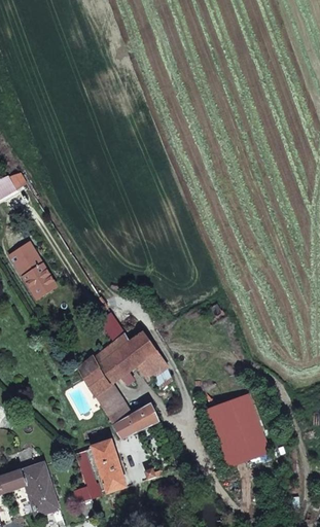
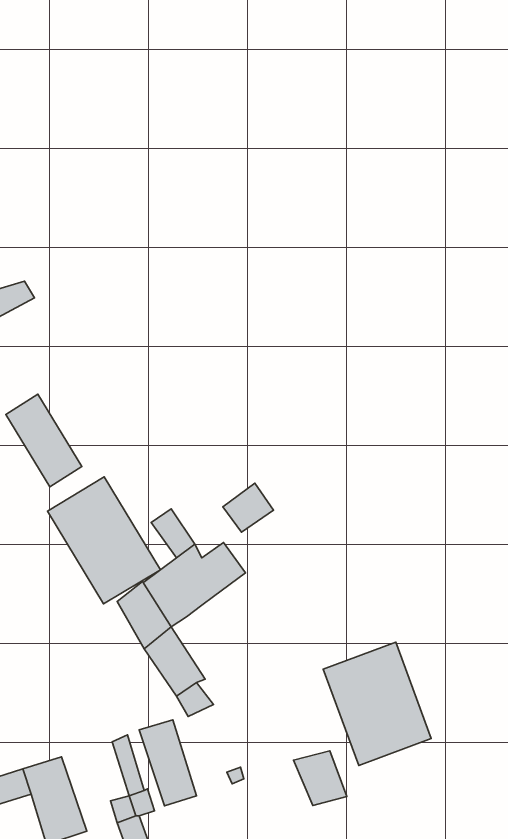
building: none -> [47,477,160,604]
building: [137,350,168,380] -> [223,483,273,532]
building: [127,405,158,430] -> none
building: none -> [293,751,347,805]

